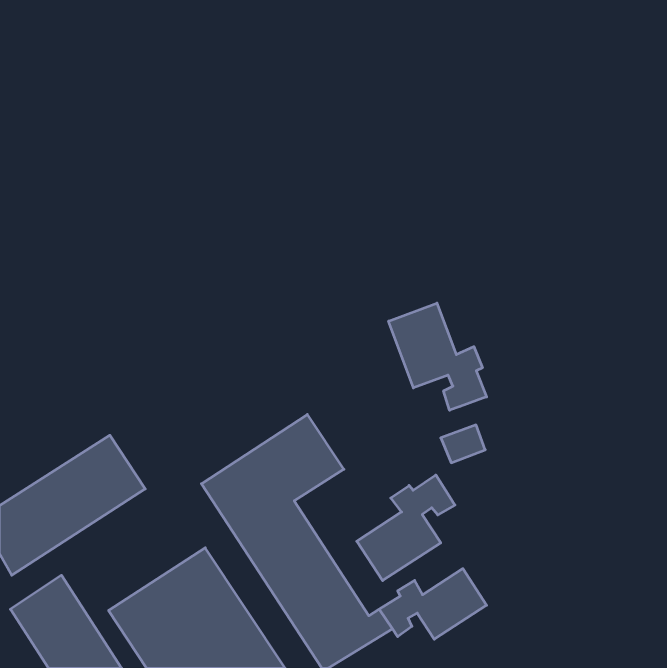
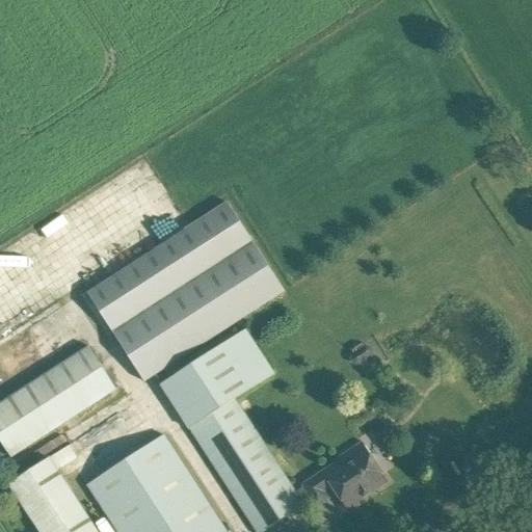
building: none -> [86,202,284,381]
building: [389,303,487,410] -> none
building: [357,475,455,581] -> none

